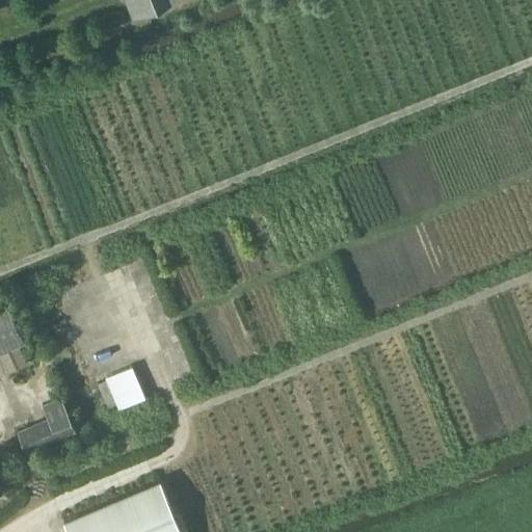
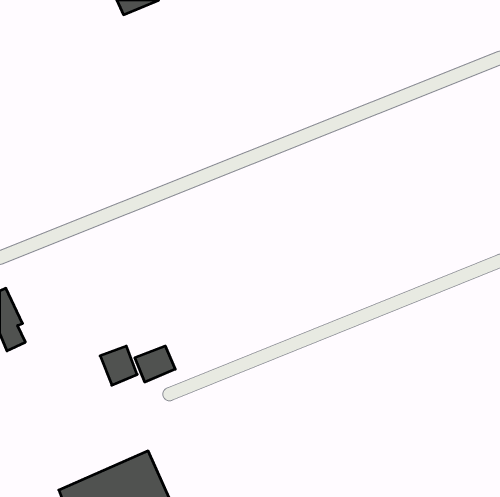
building: none -> [135,346,175,382]
building: [16,400,74,454] -> none

